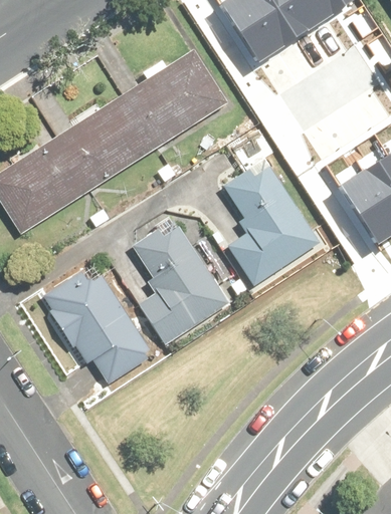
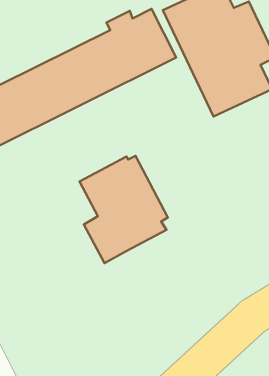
building: [222,160,320,288] -> none
building: [49,268,157,388] -> none

